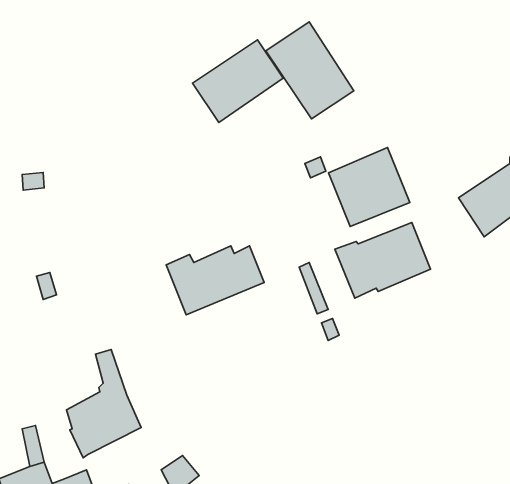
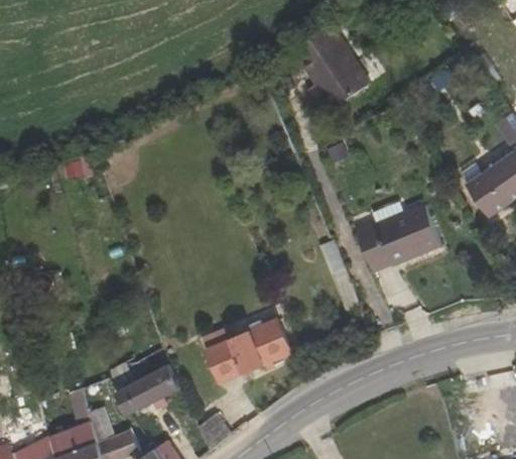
building: [192,40,283,123] -> none
building: [328,148,410,226] -> none
building: [166,246,264,315] -> [203,319,291,381]

